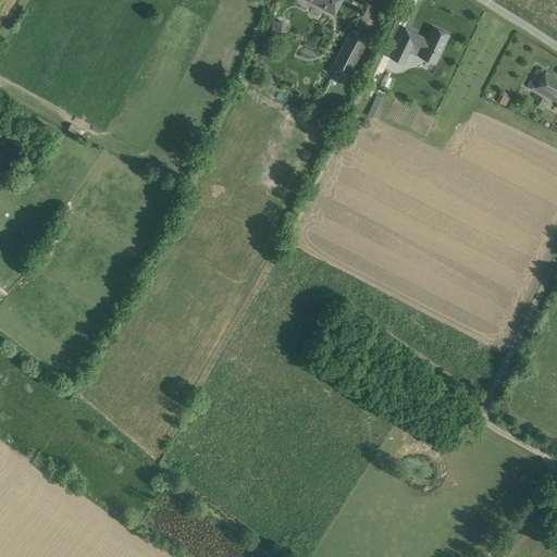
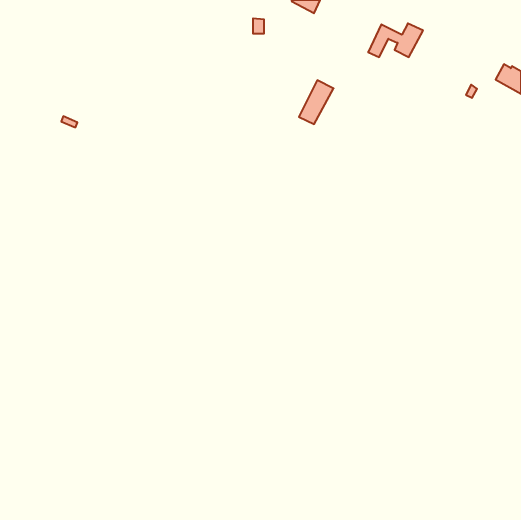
building: [332,30,369,77] -> [299,80,334,124]

